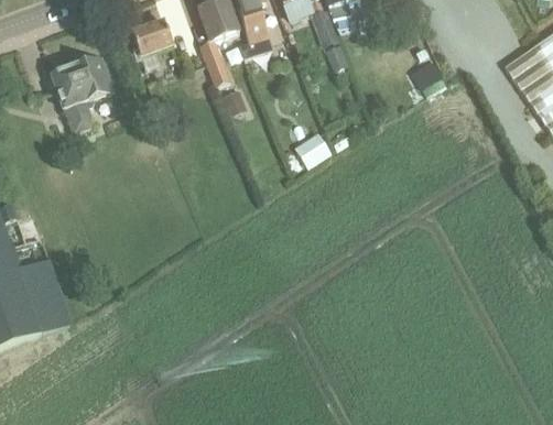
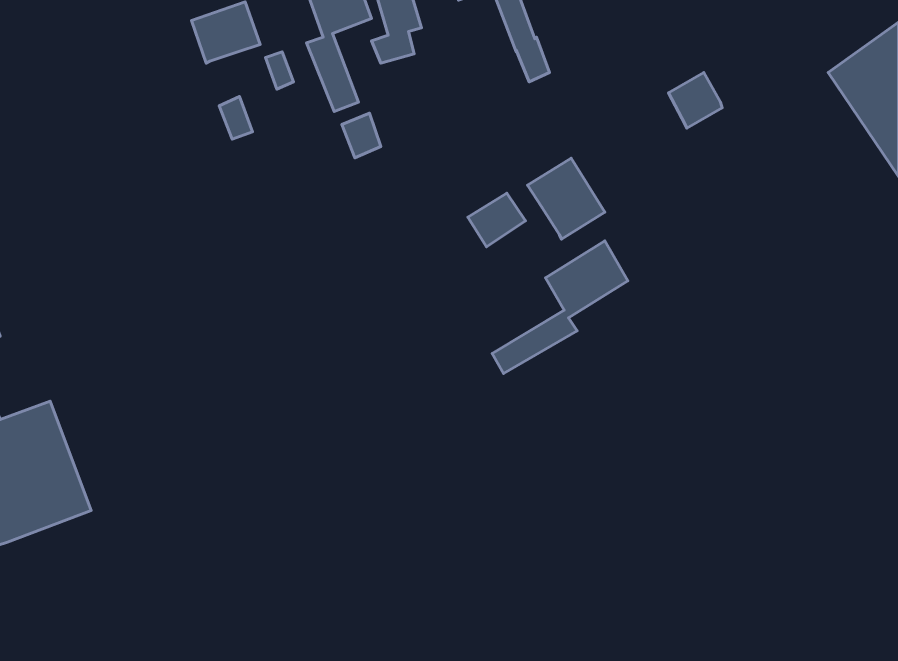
building: [50,54,111,129] -> none
building: none -> [528,158,605,239]
building: none -> [492,241,628,373]

